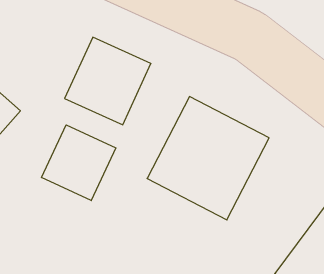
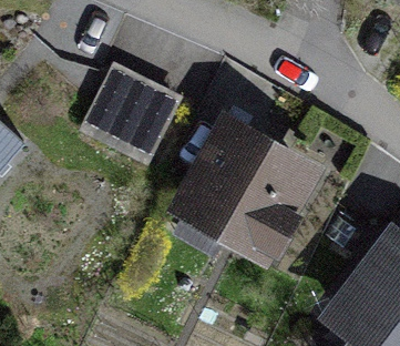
building: [42,125,116,201] -> none

